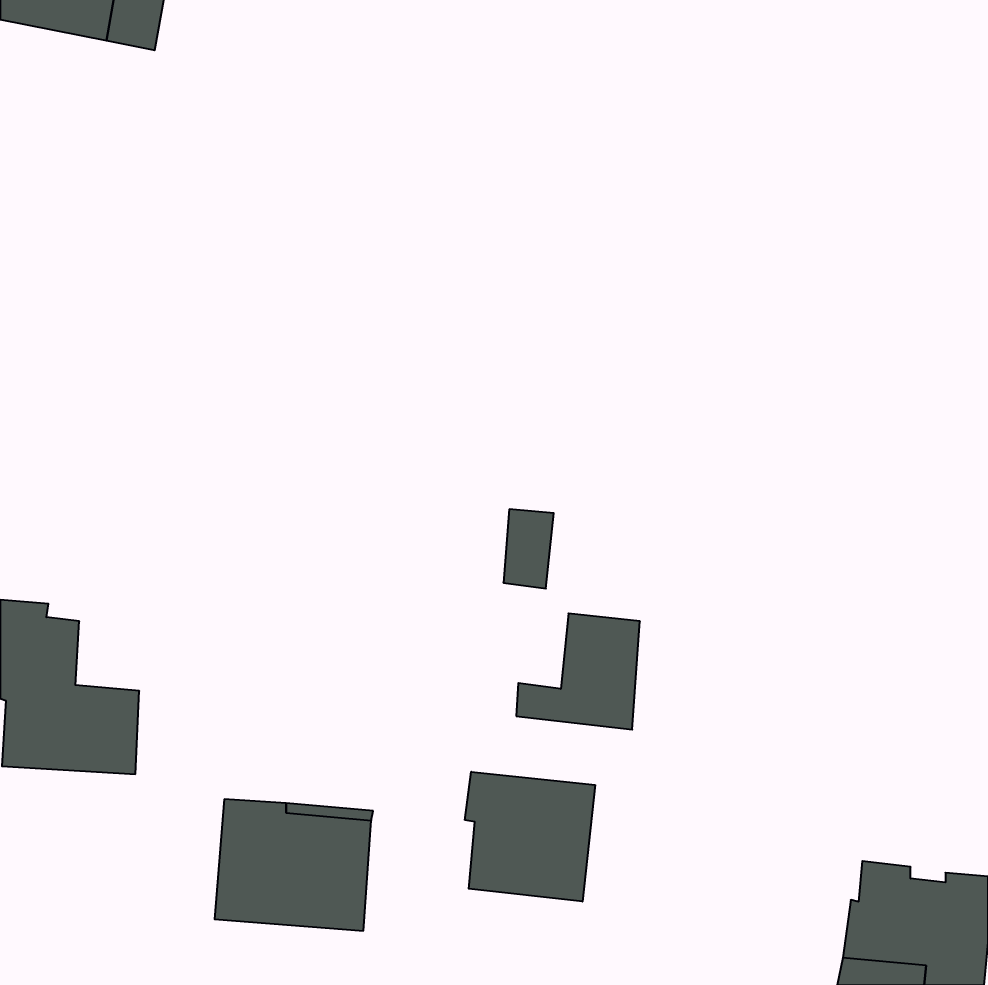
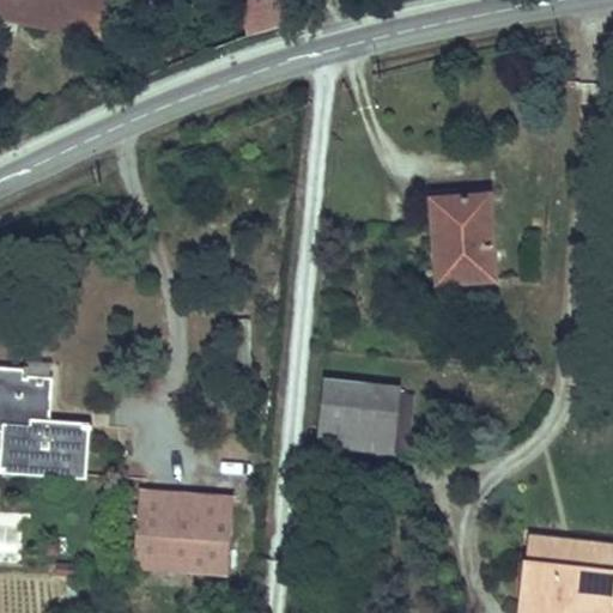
building: none -> [436,192,494,279]
building: [503,509,554,589] -> [321,377,352,426]
building: [465,772,595,902] -> none

